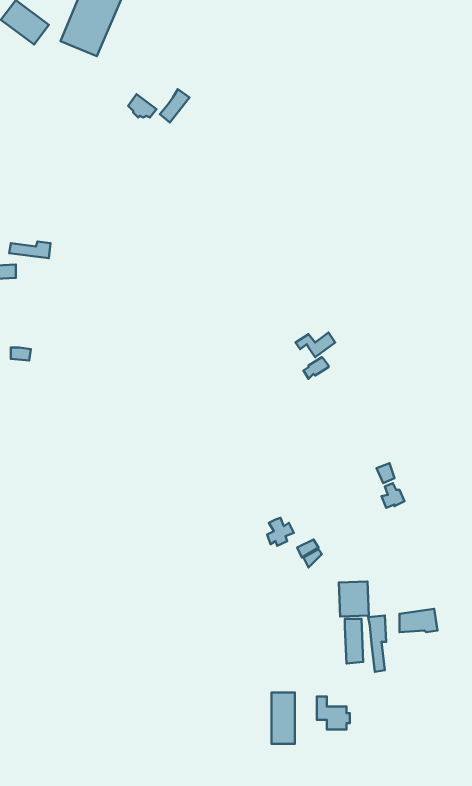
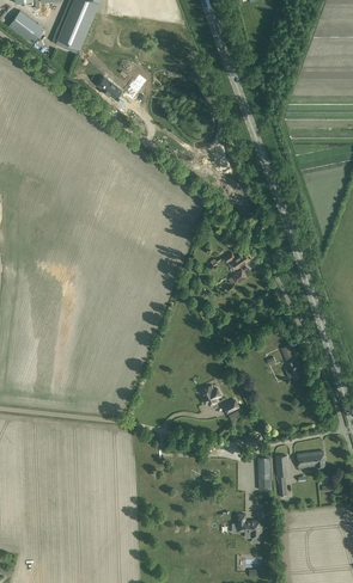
building: [339,581,369,617] -> none
building: [272,692,295,744] -> none

